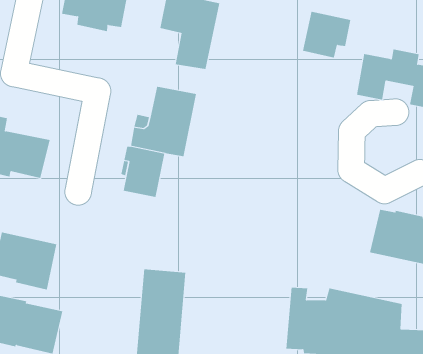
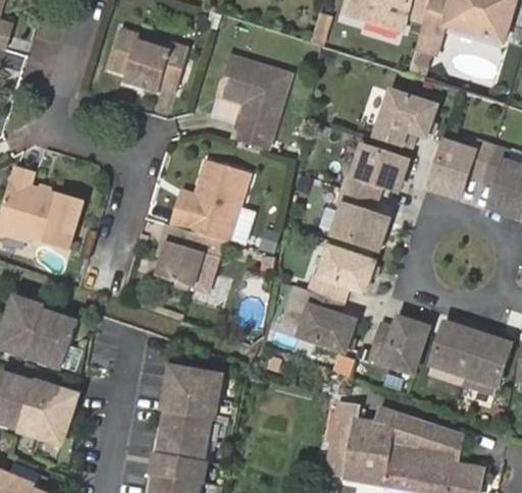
building: none -> [334,146,409,249]
building: none -> [301,248,375,349]
building: none -> [370,318,429,372]

